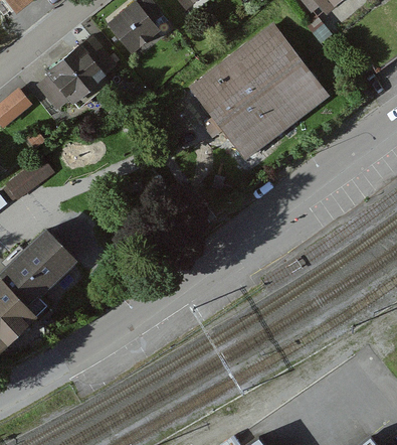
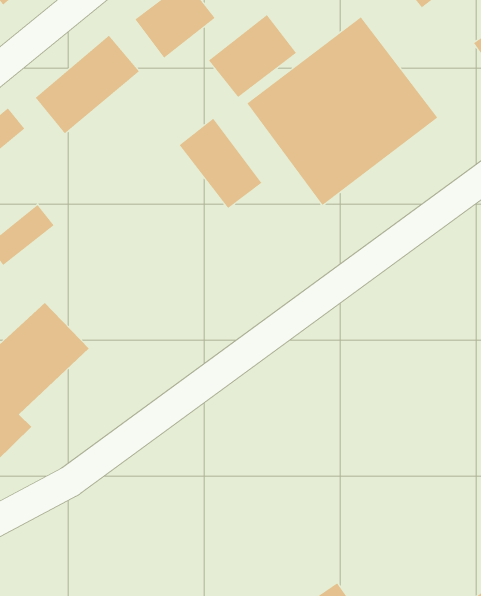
building: none -> [208,14,297,98]
building: none -> [179,118,262,209]

